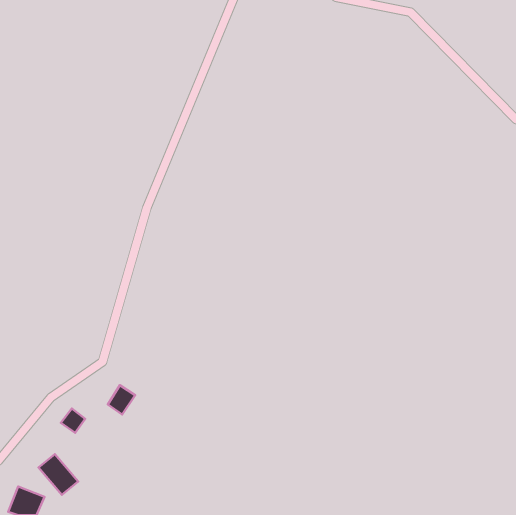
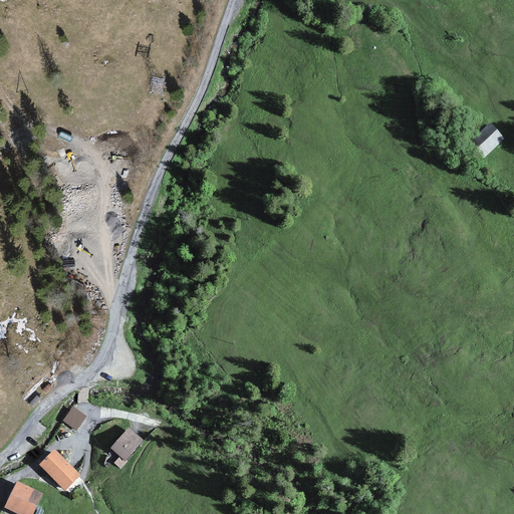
building: none -> [470,125,502,157]
building: [108,385,135,415] -> [113,431,141,460]

